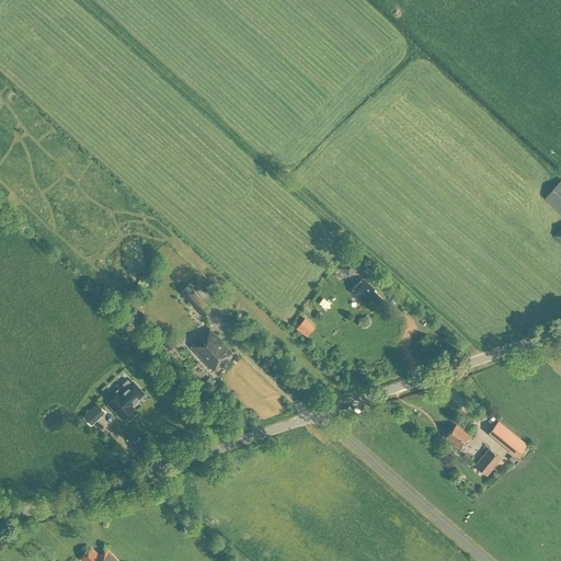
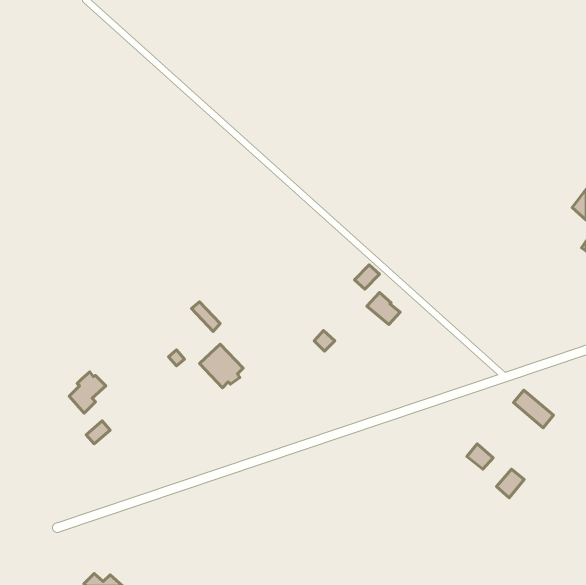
building: [108,380,144,420] -> [69,372,106,413]
building: [488,421,526,457] -> [513,390,553,428]

